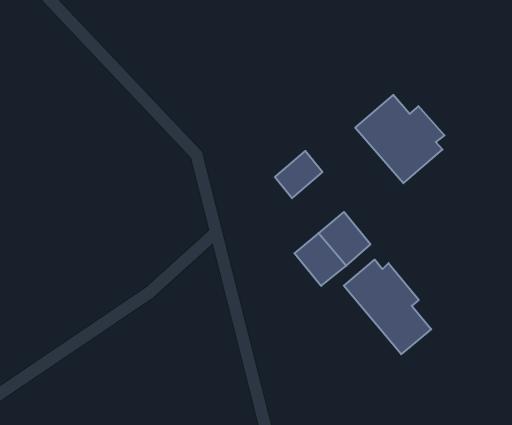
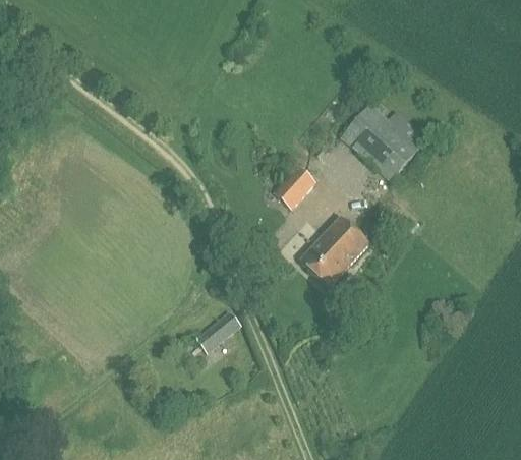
building: [344,260,431,354] -> none
building: none -> [195,309,241,352]

